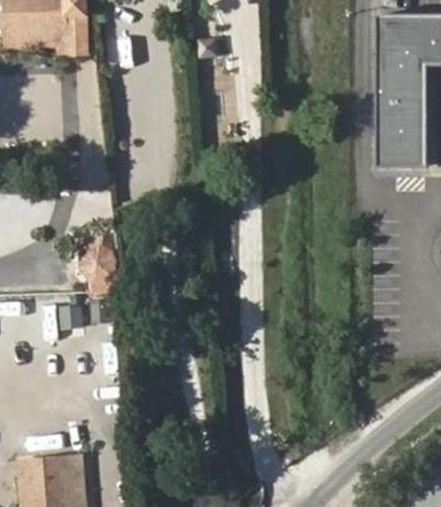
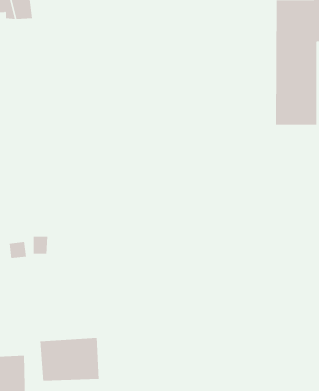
building: none -> [40,337,99,381]

